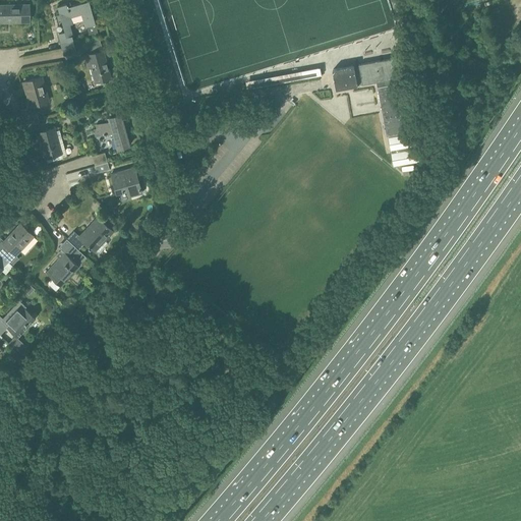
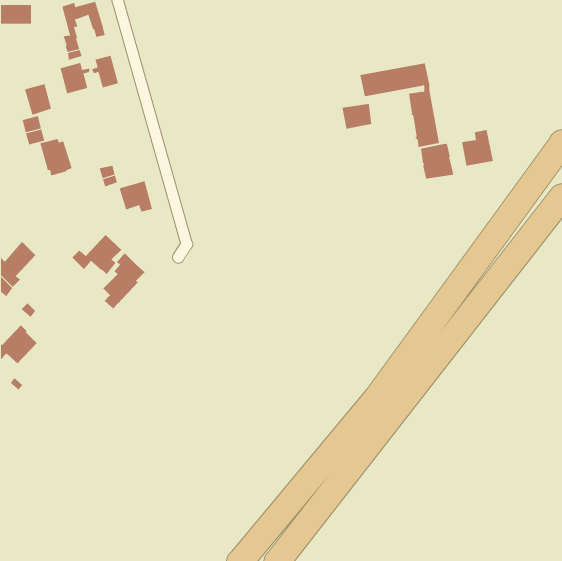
building: none -> [60,62,90,94]
building: none -> [342,103,372,129]
building: [94,113,129,150] -> none
building: none -> [462,129,493,167]
building: [46,239,85,292] -> [103,252,146,310]

